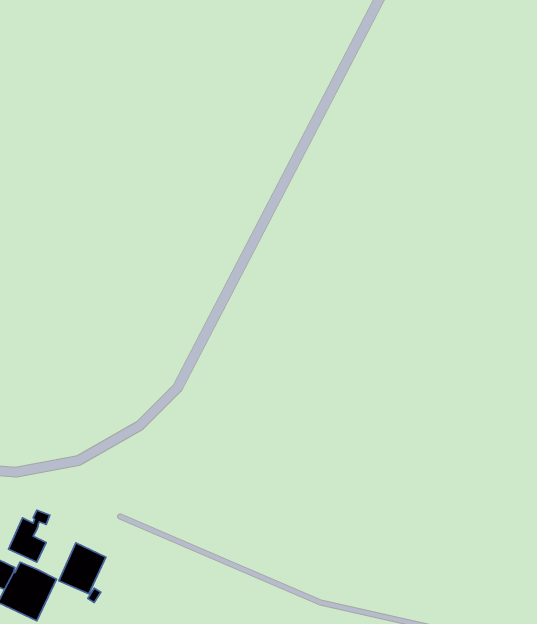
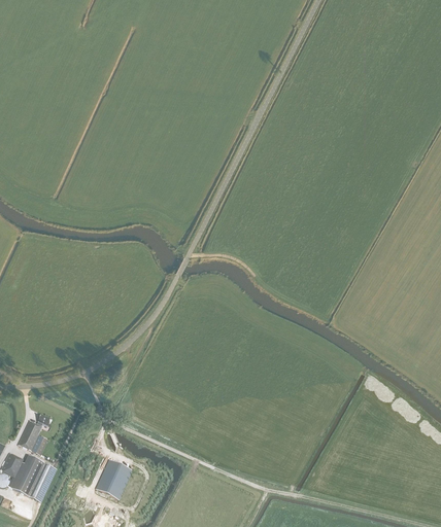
building: [59,543,106,594] -> [95,458,132,498]

